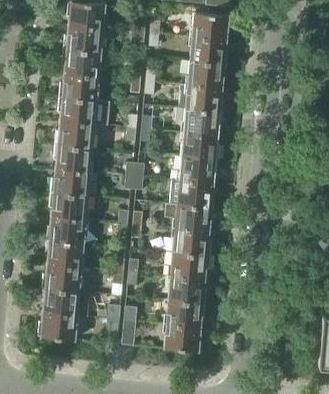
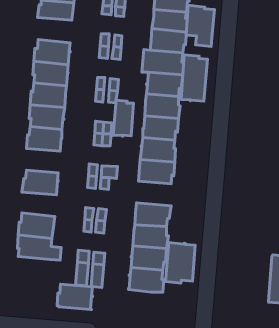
building: none -> [186,5,215,47]
building: [62,49,101,77] -> none
building: none -> [181,55,208,101]
building: none -> [113,100,134,136]
building: [49,193,88,220] -> none
building: [172,229,211,256] -> none
building: [45,241,84,268] -> none
building: none -> [166,243,195,283]
building: [38,312,77,340] -> [57,284,92,309]

